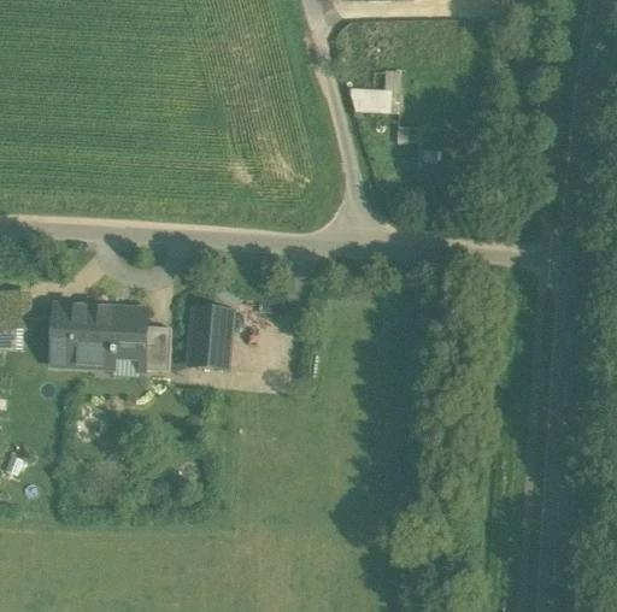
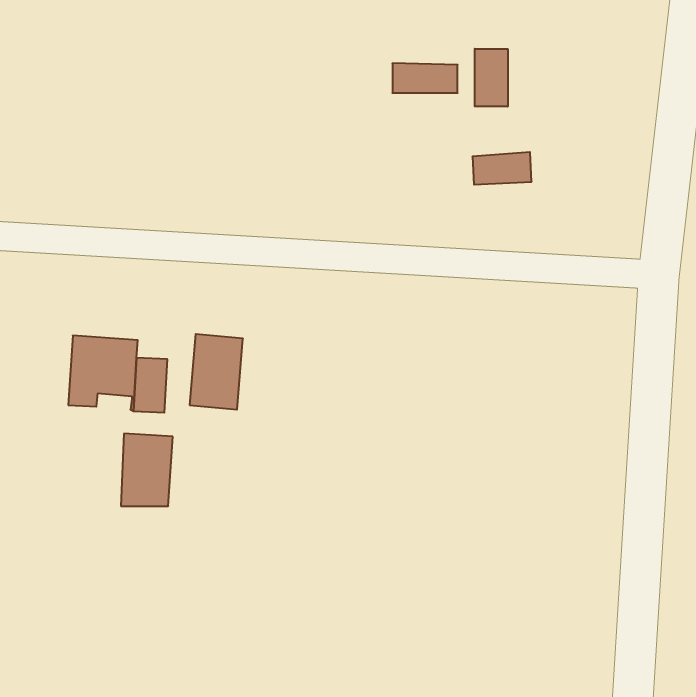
building: none -> [475,49,508,107]
building: [48,305,90,364] -> [121,434,173,506]

